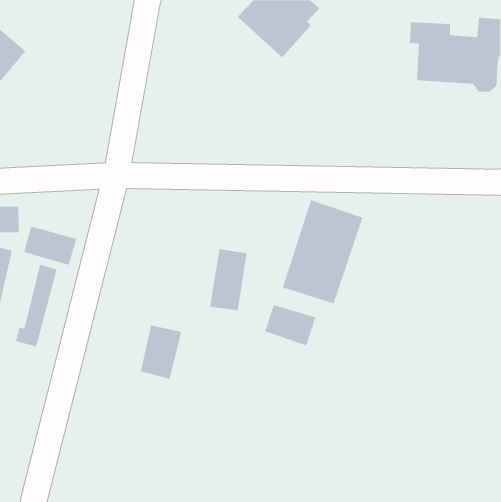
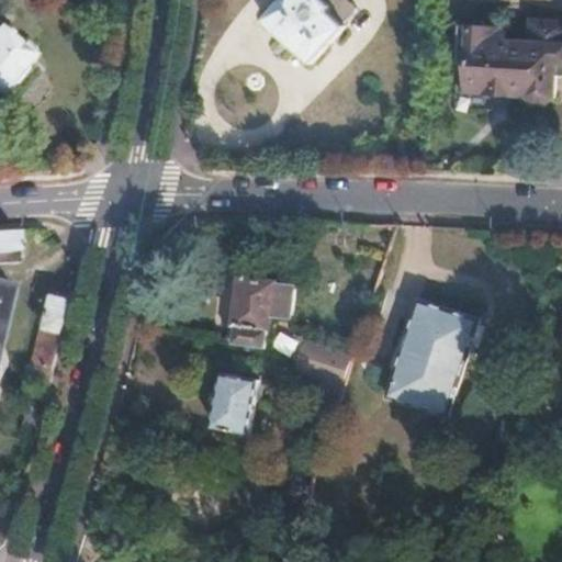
building: [282,199,364,305] -> [383,302,474,419]
building: [23,226,77,266] -> none
building: [140,325,182,380] -> [212,370,259,431]

